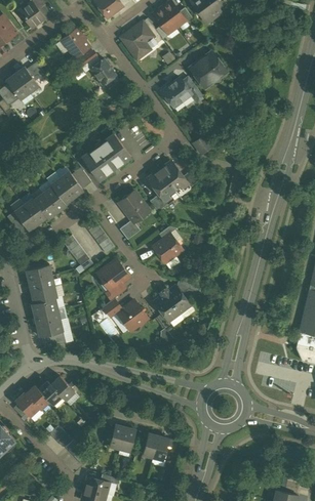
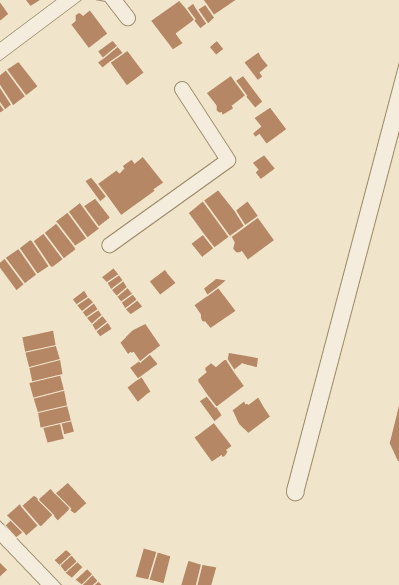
building: [201,55,227,83] -> [252,107,287,145]
building: none -> [231,217,275,260]
building: [118,191,149,222] -> none
building: [118,300,147,330] -> [193,422,232,463]
building: none -> [232,397,271,434]

